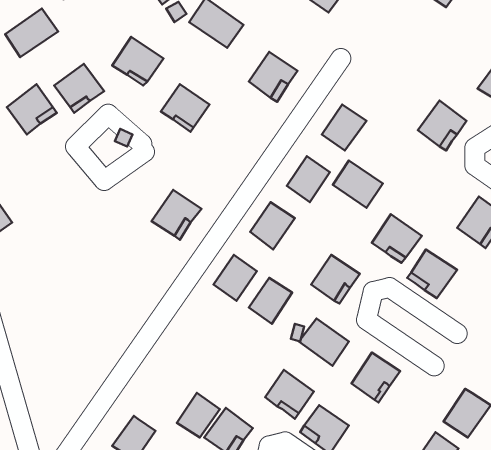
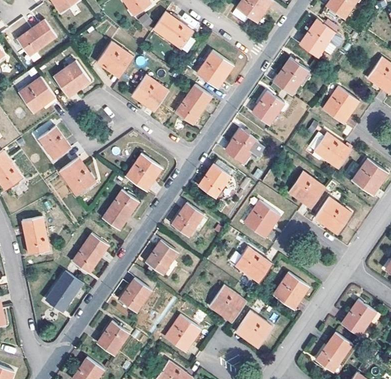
building: none -> [298,19,334,57]
building: none -> [272,58,307,95]
building: none -> [176,84,212,124]
building: none -> [39,125,71,159]
building: [333,160,383,208] -> [313,133,350,168]
building: none -> [59,156,95,194]
building: none -> [102,189,138,229]
building: none -> [22,216,49,253]
building: [249,278,292,324] -> [145,239,177,273]
building: none -> [72,233,108,273]
building: none -> [46,271,82,310]
building: [177,393,220,438] -> [119,277,151,310]

